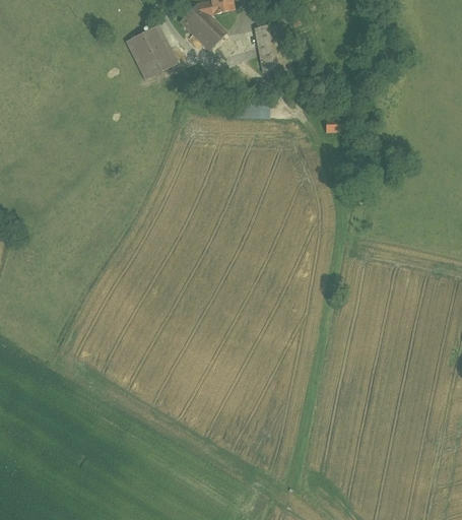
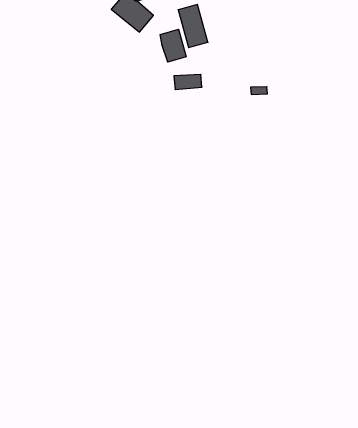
building: [127,24,180,79] -> none
building: none -> [160,29,186,62]

